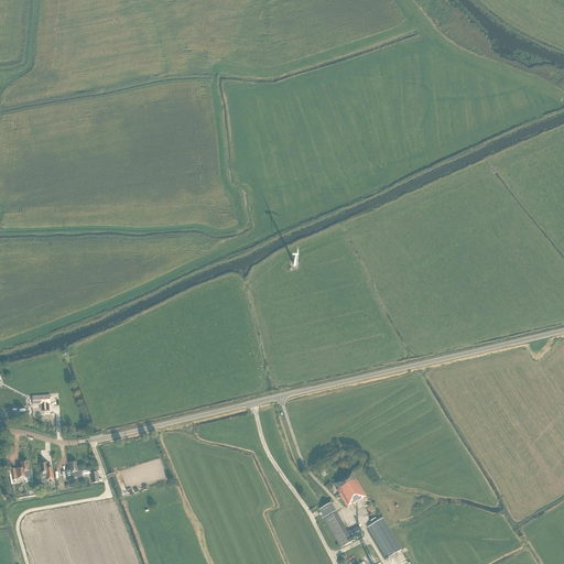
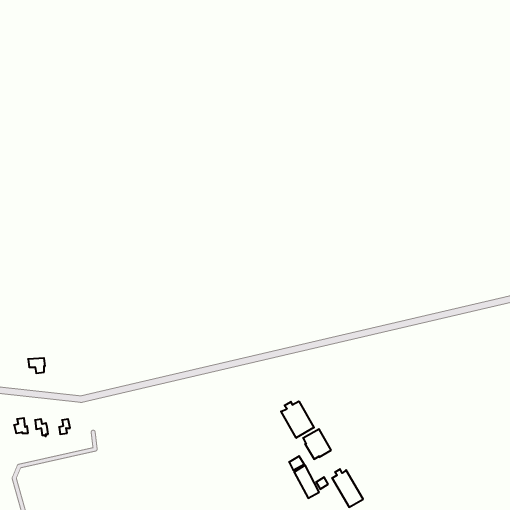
building: none -> [281,401,314,438]

